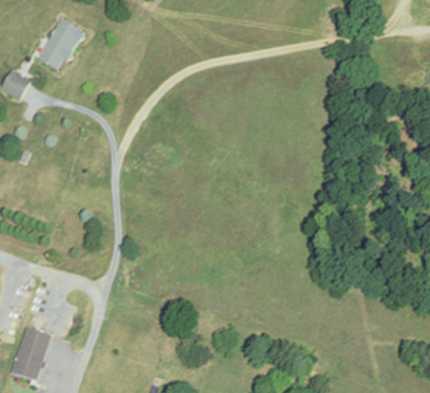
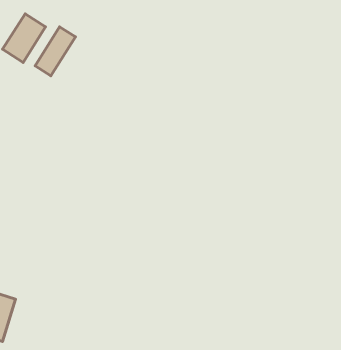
building: none -> [35,27,76,76]

